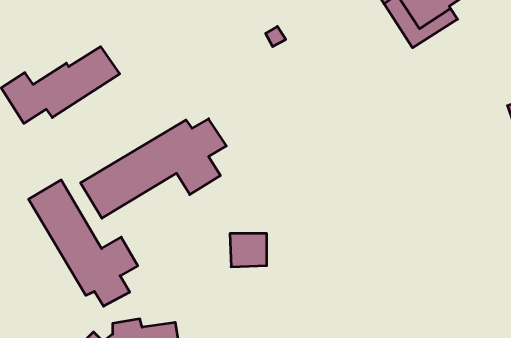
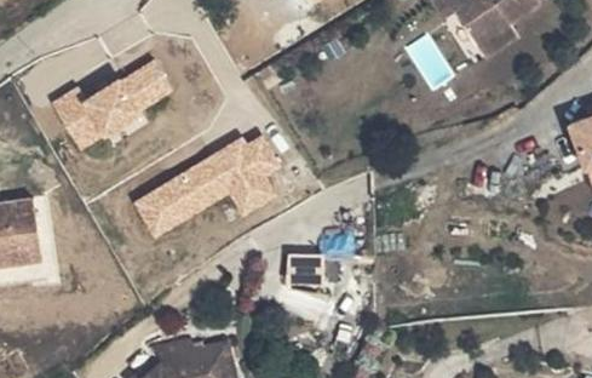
building: [29,180,138,306] -> none

